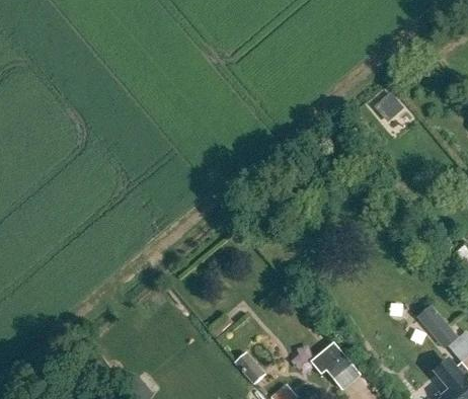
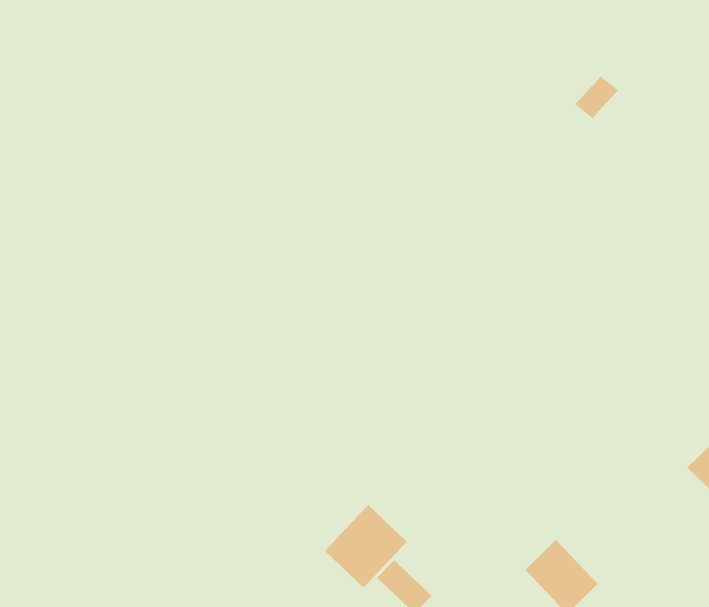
building: none -> [324,504,408,589]

